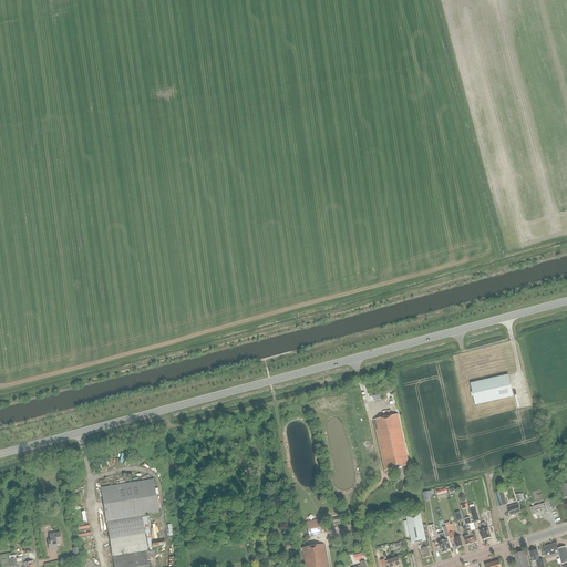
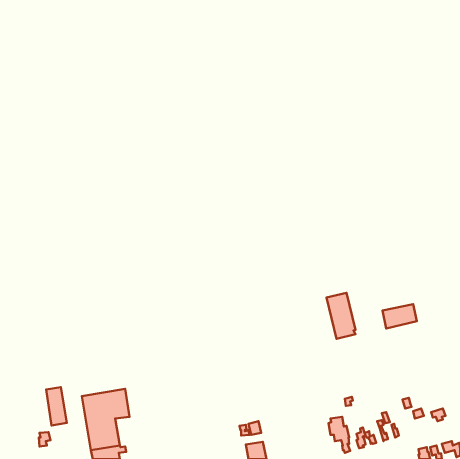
building: [373,413,409,470] -> [327,293,355,339]
building: none -> [46,387,67,425]

